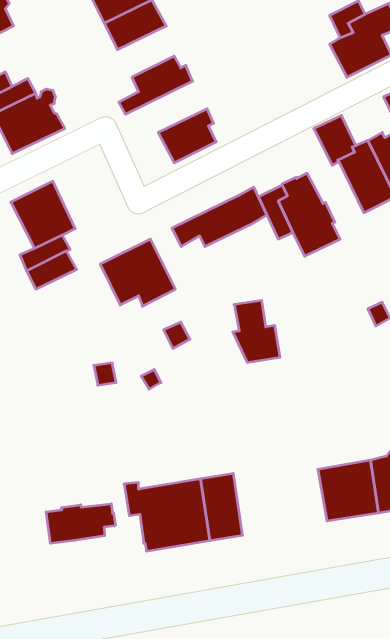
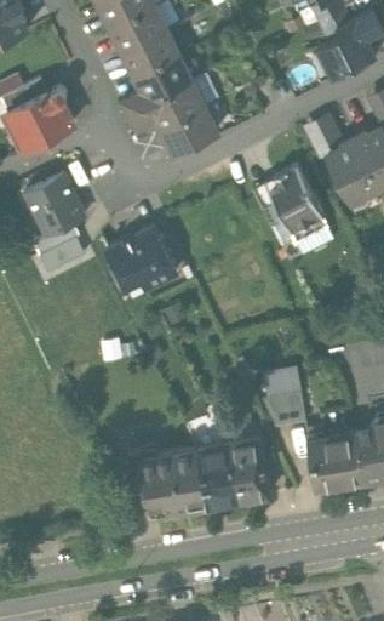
building: none -> [122,33,179,80]
building: [172,187,267,247] -> [130,76,217,131]
building: [233,301,280,362] -> [262,371,305,428]
building: none -> [229,439,270,502]
building: [46,504,115,543] -> none

